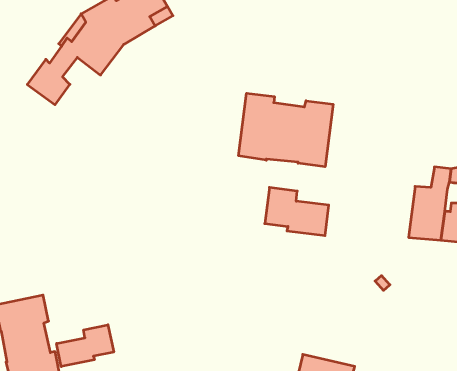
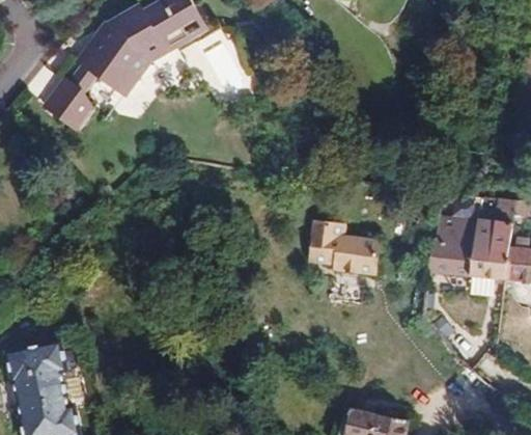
building: [239,93,333,167] -> none
building: none -> [427,216,477,277]
building: [57,325,114,367] -> none

